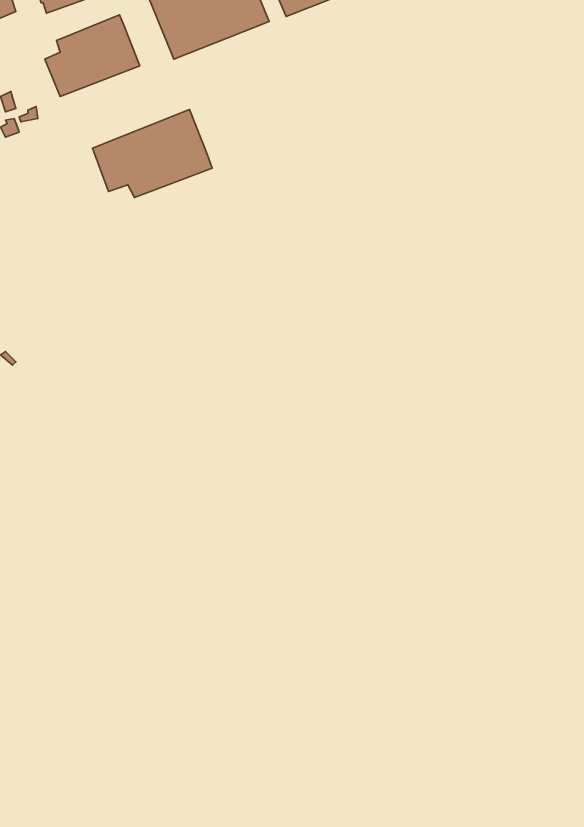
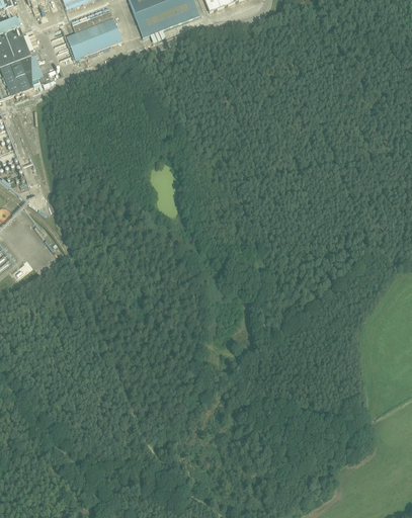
building: [92,109,212,198] -> none

